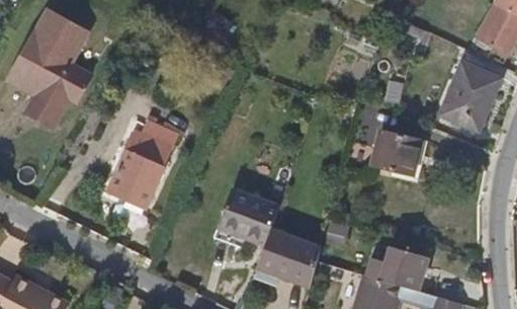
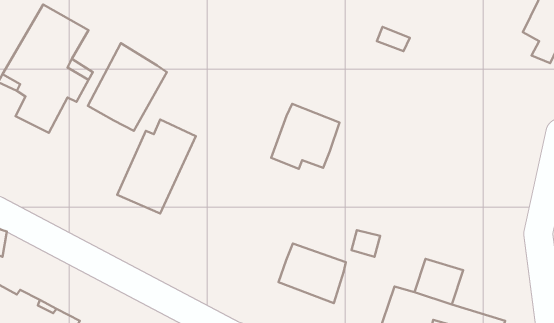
building: none -> [88,43,167,131]
building: [444,62,499,128] -> none
building: [374,129,422,173] -> none
building: [217,188,279,248] -> [271,104,340,169]

